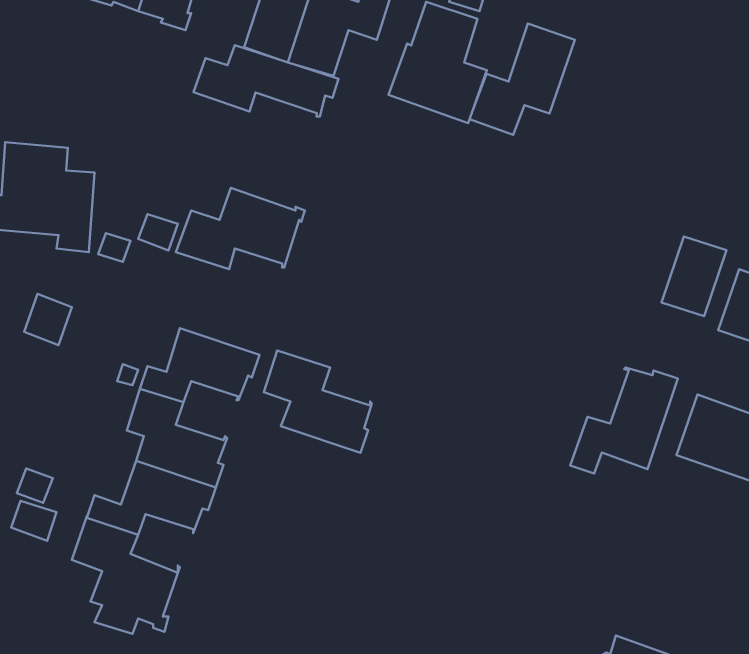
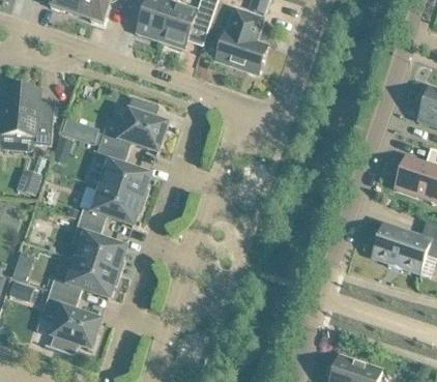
building: [469,24,575,135] -> none
building: [193,45,339,117] -> none
building: [661,237,727,316] -> none
building: [264,350,372,453] -> [91,145,150,201]
building: [570,368,678,474] -> none

